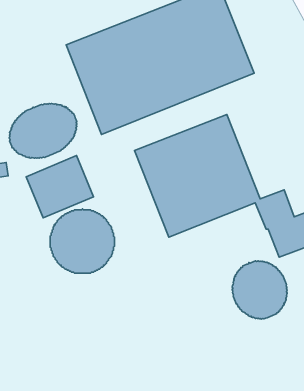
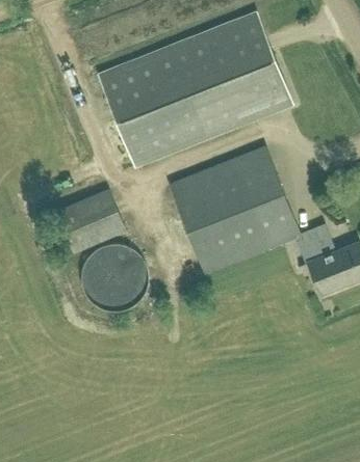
building: [9,104,77,158] -> none
building: [232,261,287,319] -> none

